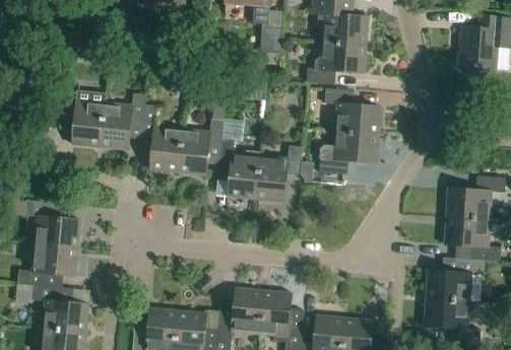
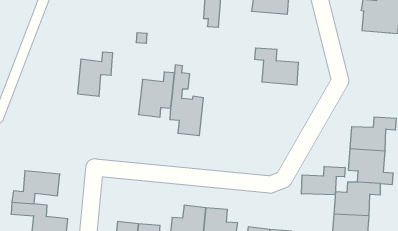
building: [307,43,367,85] -> none
building: [62,91,106,147] -> none
building: [141,106,183,173] -> none
building: [319,132,379,176] -> none
building: [255,146,302,203] -> none
building: [24,201,80,249] -> none
building: none -> [301,166,345,195]

